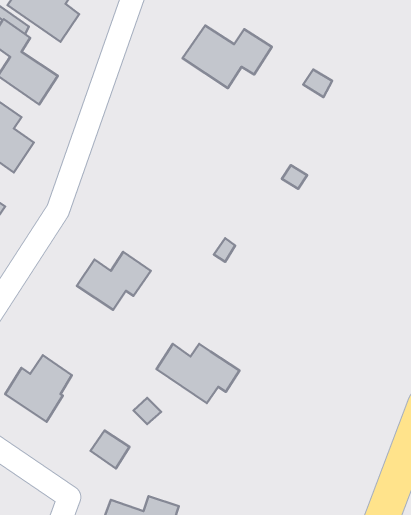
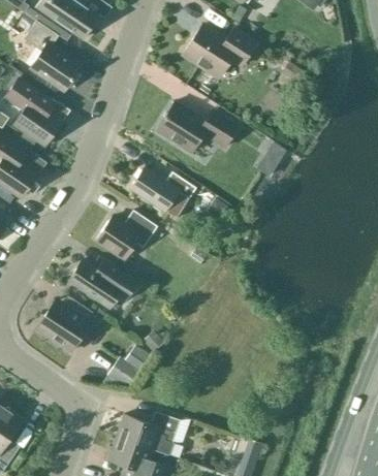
building: none -> [156,101,239,154]
building: none -> [129,168,196,212]
building: [156,344,240,403] -> [68,260,136,309]

